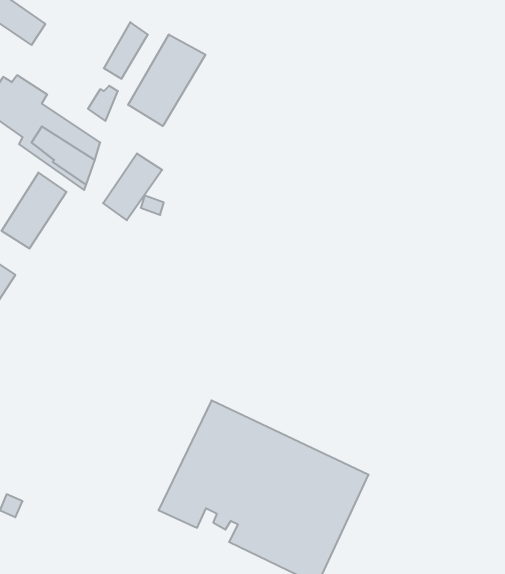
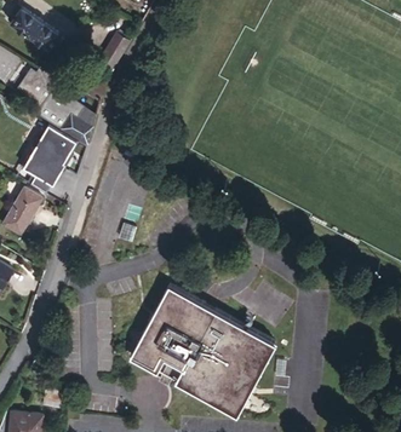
building: [128,34,205,126] -> none
building: [103,153,162,220] -> none

